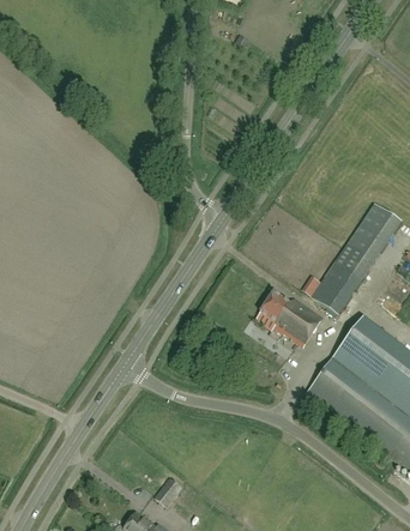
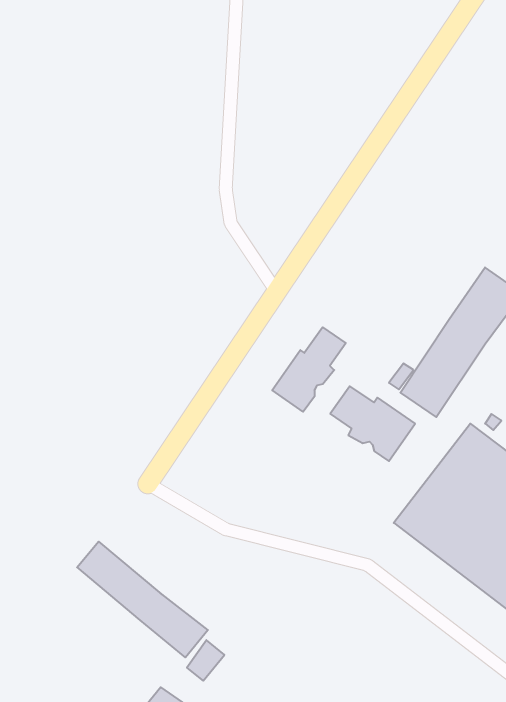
building: none -> [272,327,346,412]
building: none -> [77,542,208,657]

